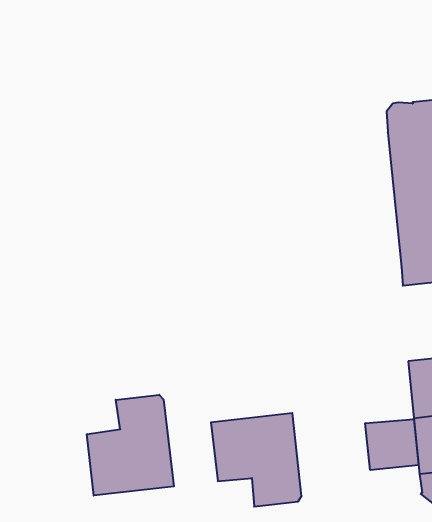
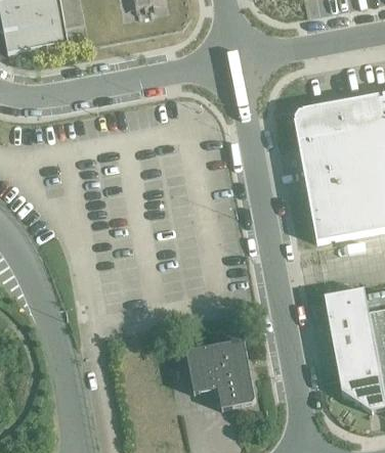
building: [87,395,174,496] -> none
building: [365,419,418,470] -> none

